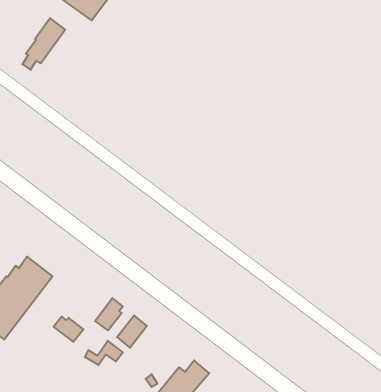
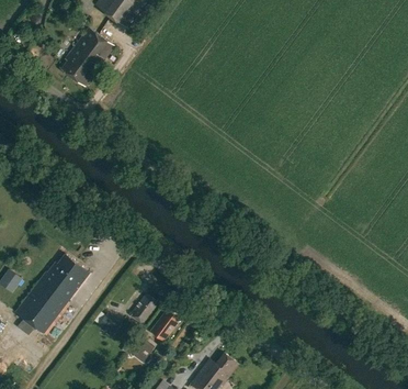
building: none -> [69,37,115,88]

